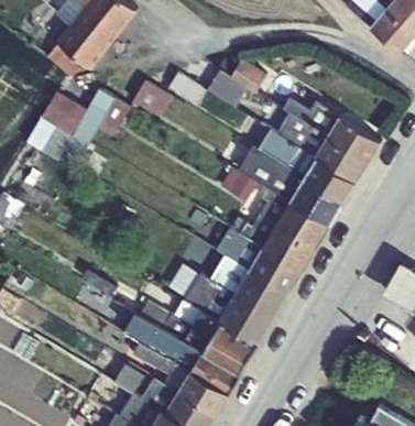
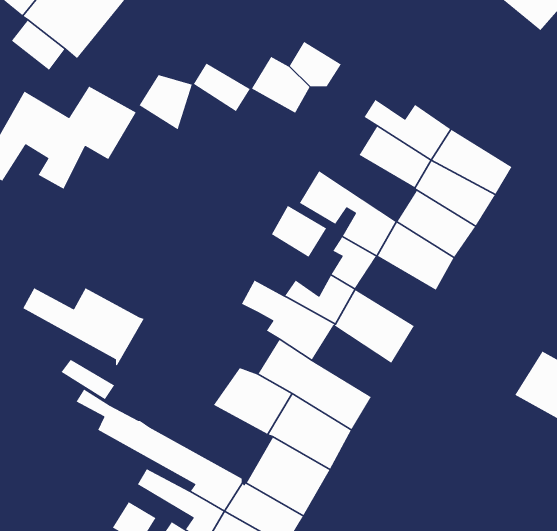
building: [258,129,316,178] -> none
building: [275,201,329,248] -> none
building: [247,248,299,295] -> none
building: [139,301,220,353] -> [22,287,145,367]

